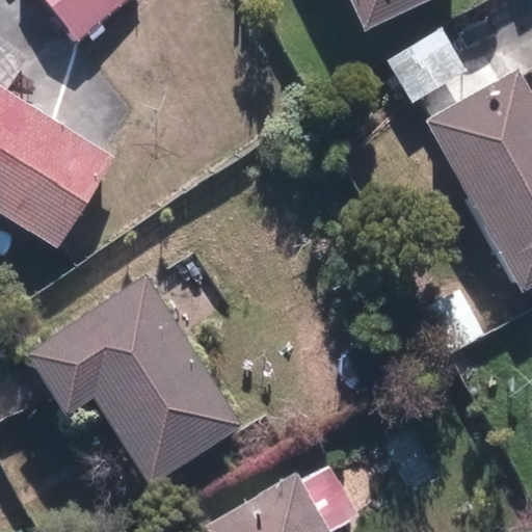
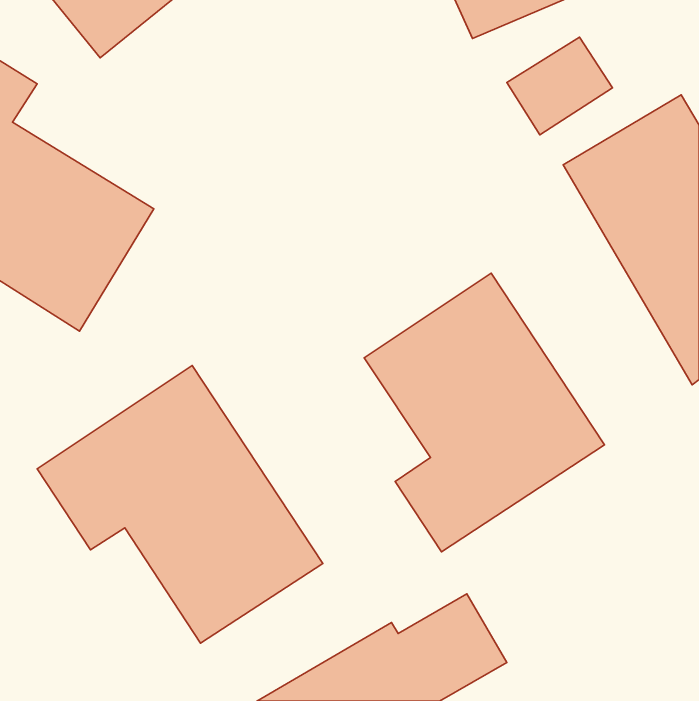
building: none -> [364,273,604,552]

